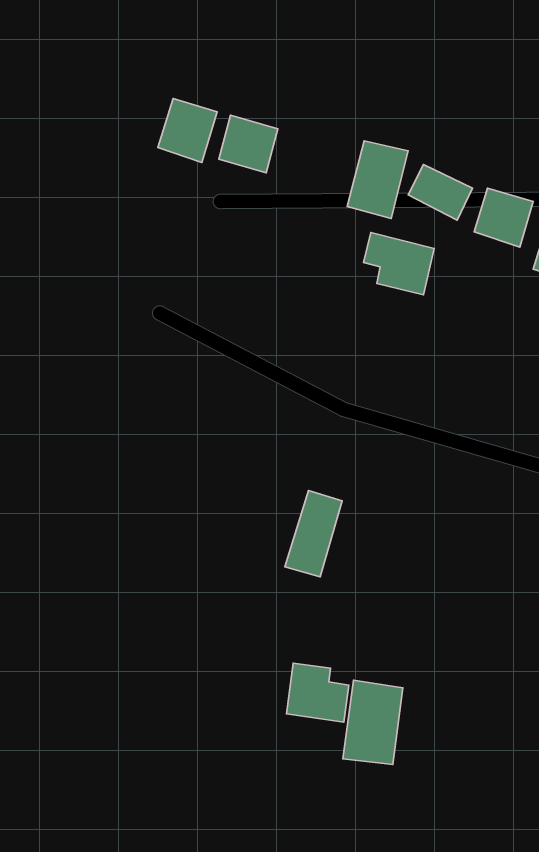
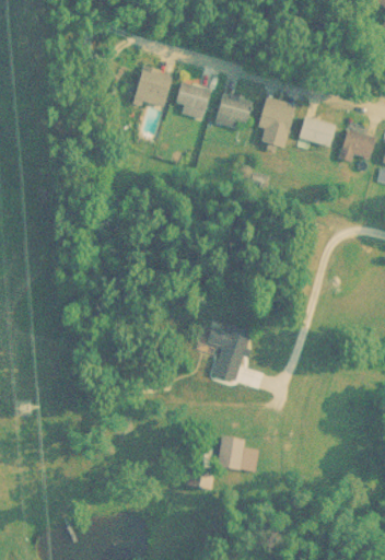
building: none -> [214,93,253,128]
building: [363,233,434,295] -> none
building: [343,680,403,765] -> none

